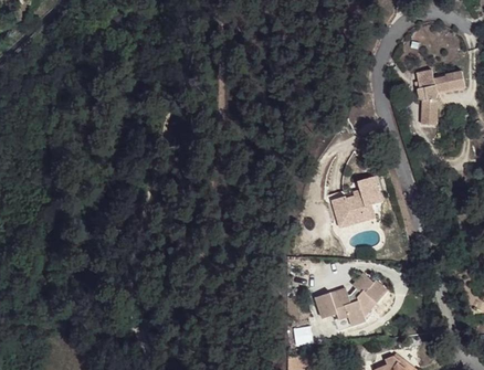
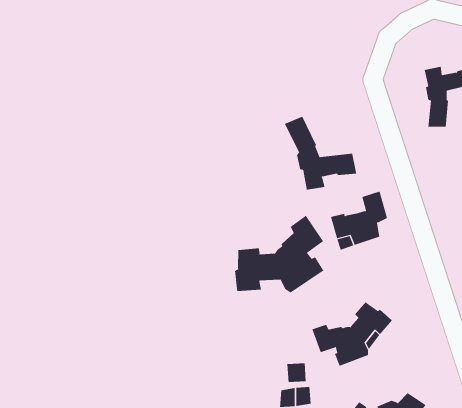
building: none -> [284,116,357,190]
building: none -> [234,215,324,293]

